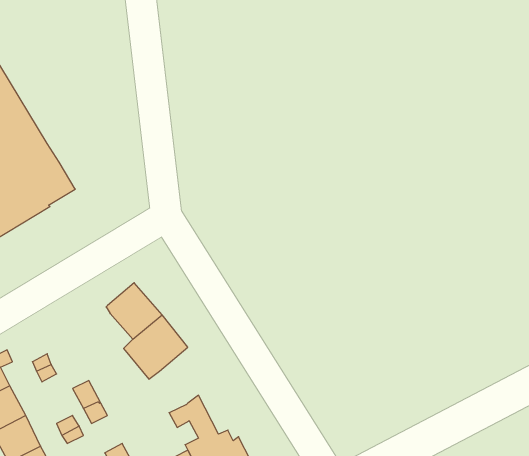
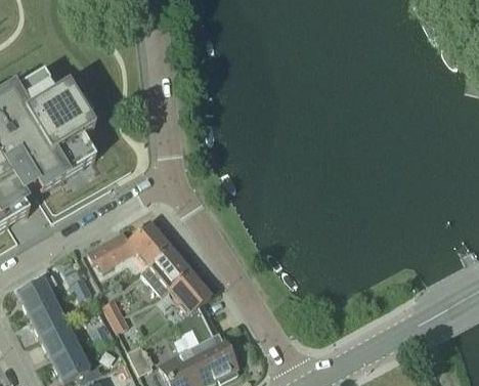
building: none -> [87,231,131,269]
building: none -> [169,272,212,316]

